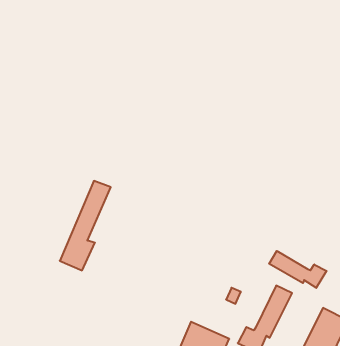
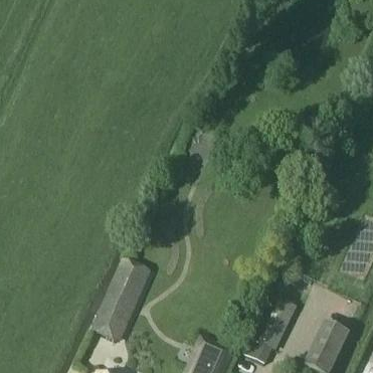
building: [60,181,111,270] -> [95,252,143,337]
building: [269,251,327,288] -> none

